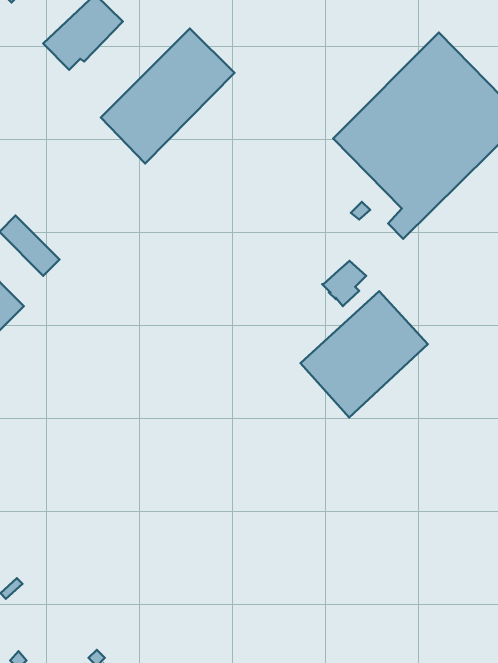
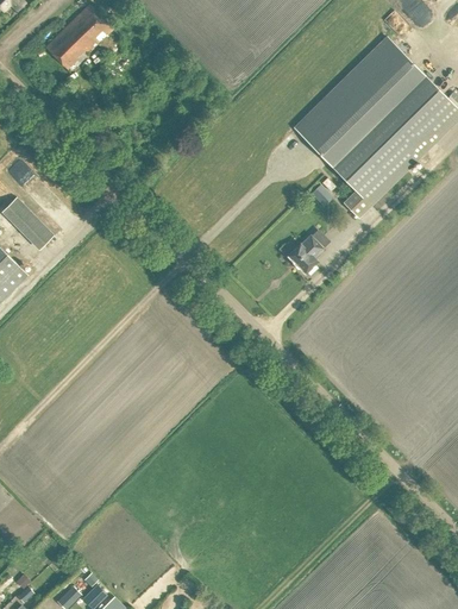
building: [101,28,234,163] -> none
building: [301,291,428,418] -> none

